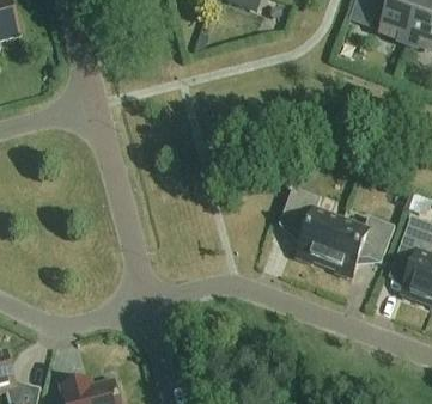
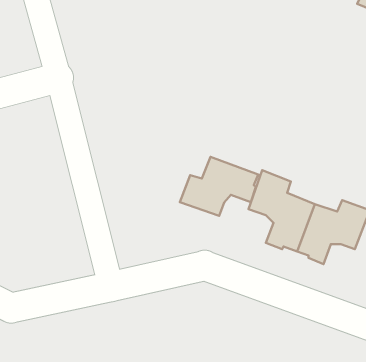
building: none -> [180,157,258,216]

